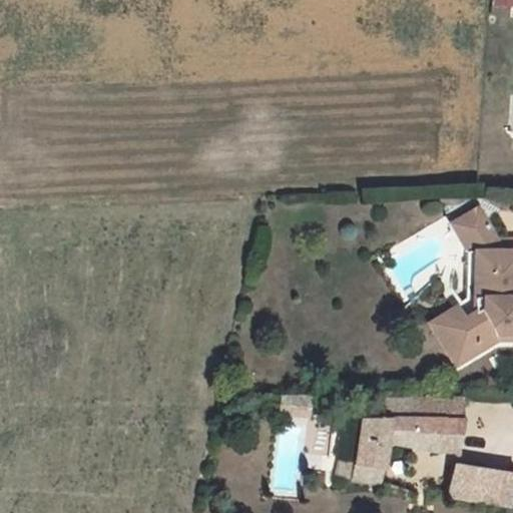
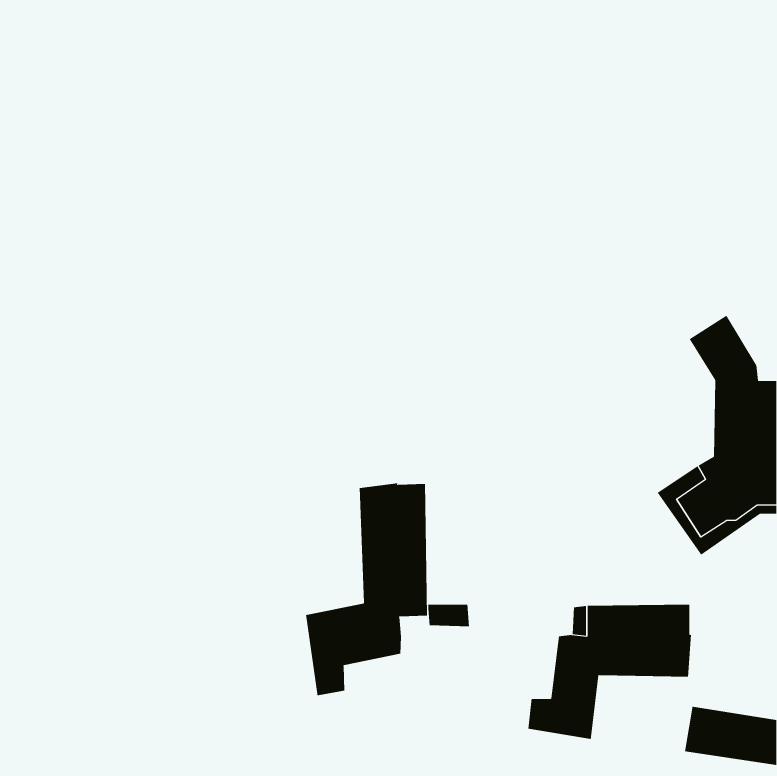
building: none -> [305,482,427,696]

